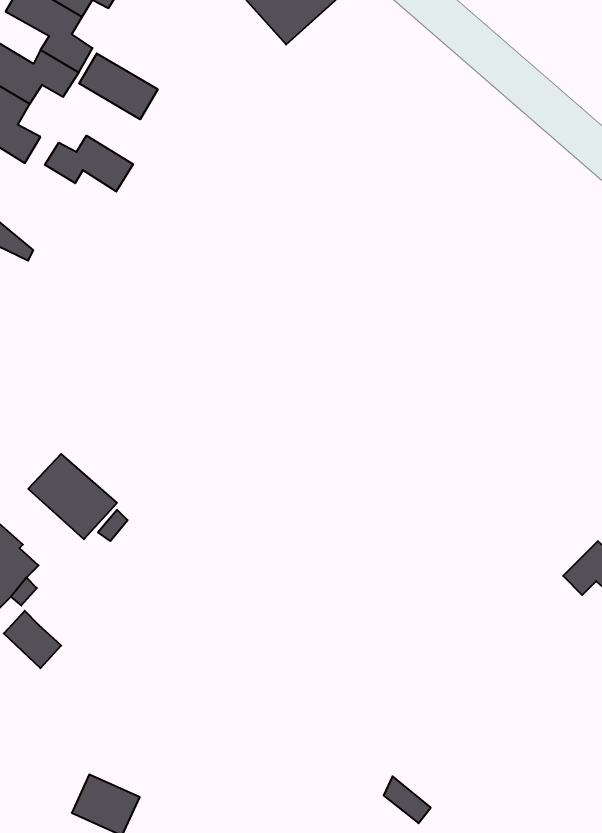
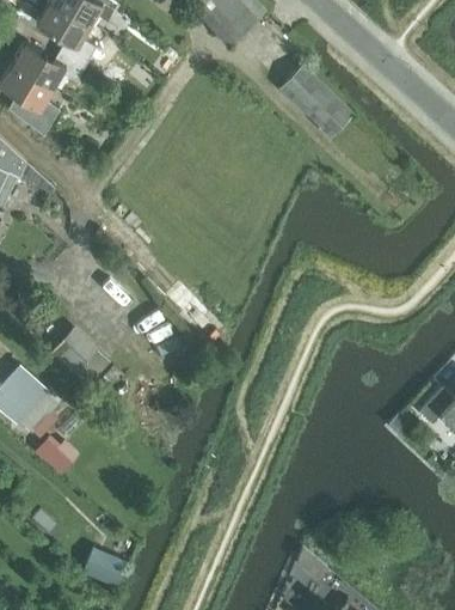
building: [79,53,158,119] -> none
building: none -> [279,65,353,138]
building: [45,136,133,192] -> none

